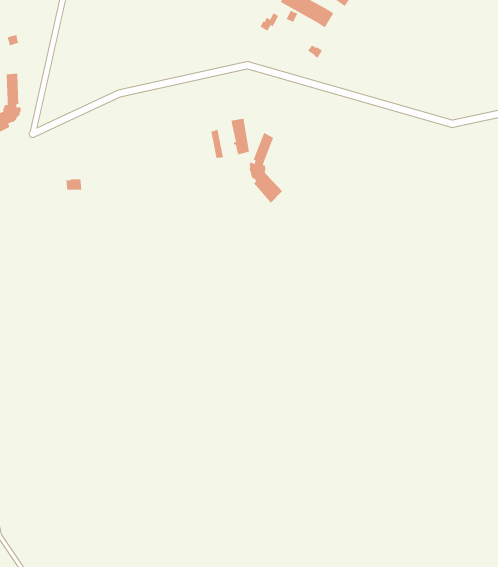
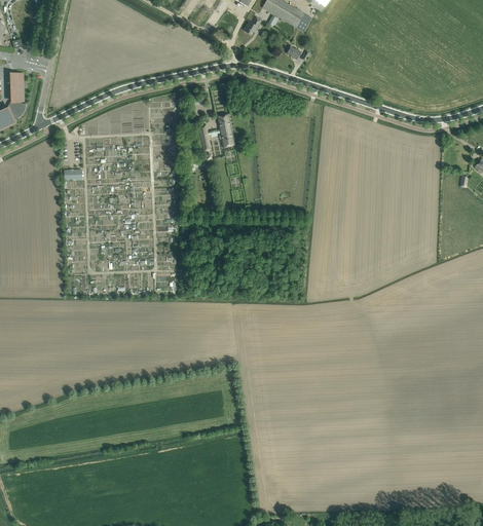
building: [249,132,283,204] -> none

